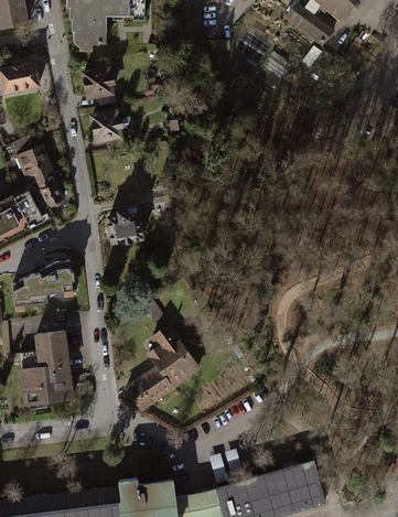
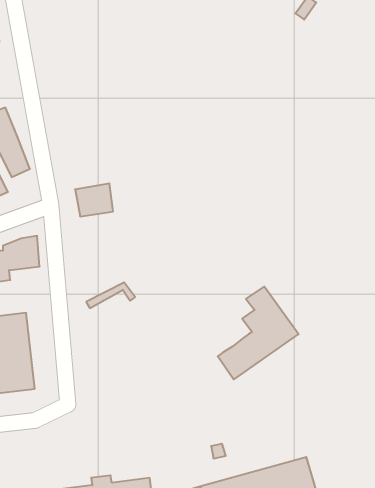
building: [83,68,111,96] -> none
building: [90,111,119,140] -> none
building: [126,324,198,408] -> [218,287,299,379]

